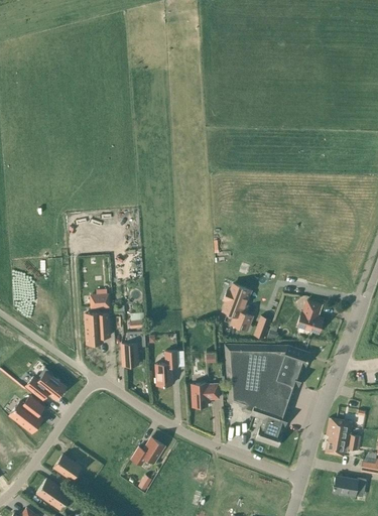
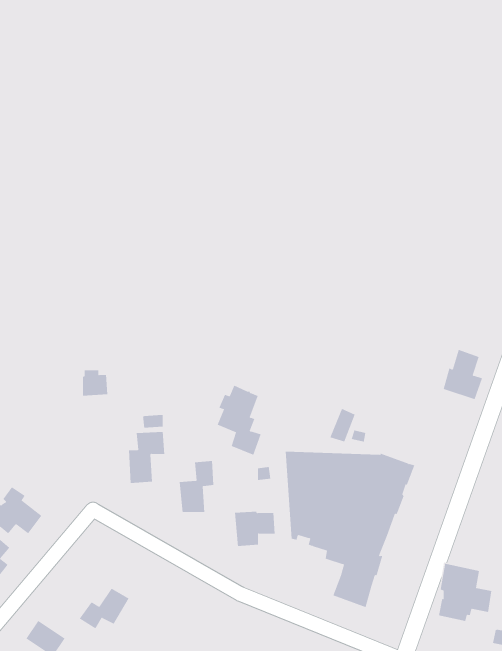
building: [223,284,252,331] -> [217,385,261,456]
building: [297,300,324,334] -> [443,349,483,400]
building: [86,313,110,345] -> none
building: [131,438,164,466] -> [79,588,130,629]

